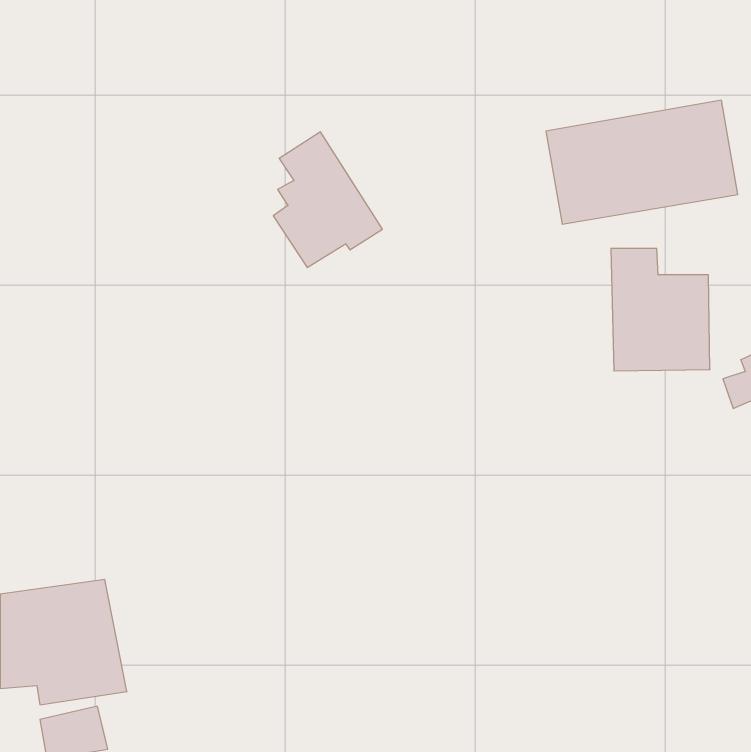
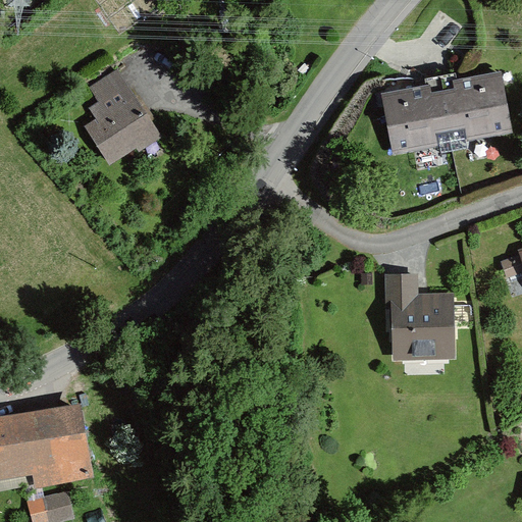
building: [273,132,382,268] -> [85,69,160,163]
building: [611,248,710,371] -> [386,275,455,360]

